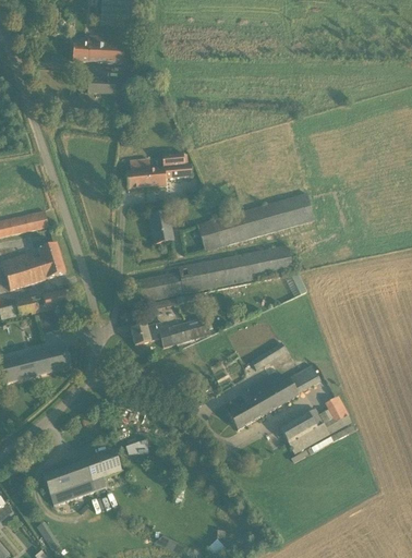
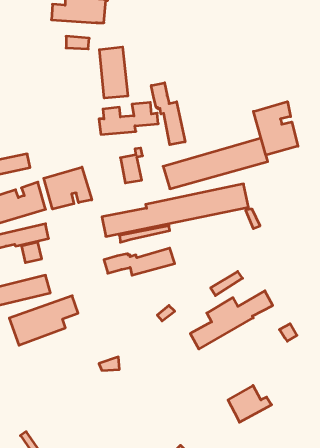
building: none -> [99,47,128,98]
building: none -> [151,83,185,145]
building: none -> [253,102,298,155]
building: none -> [44,167,92,209]
building: [280,411,329,452] -> [228,385,272,422]
building: [43,450,120,506] -> [9,296,78,345]

